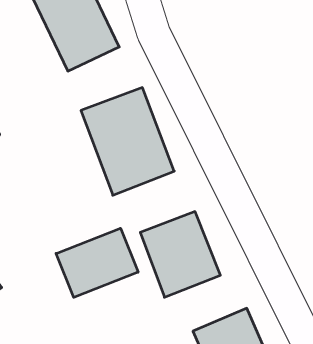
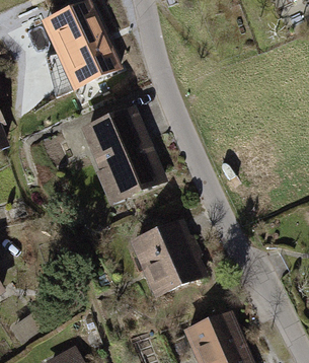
building: [56,228,138,297] -> none

